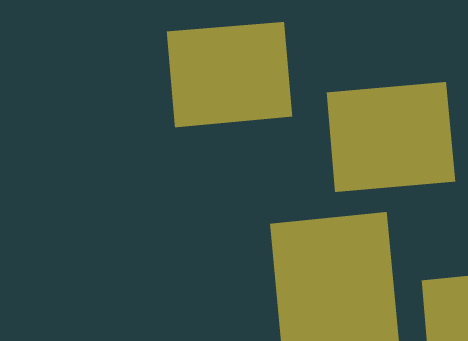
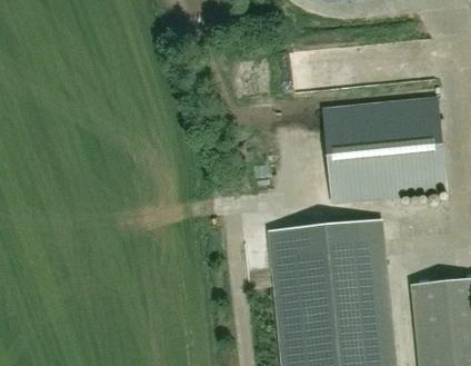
building: [166,21,293,128] -> none

